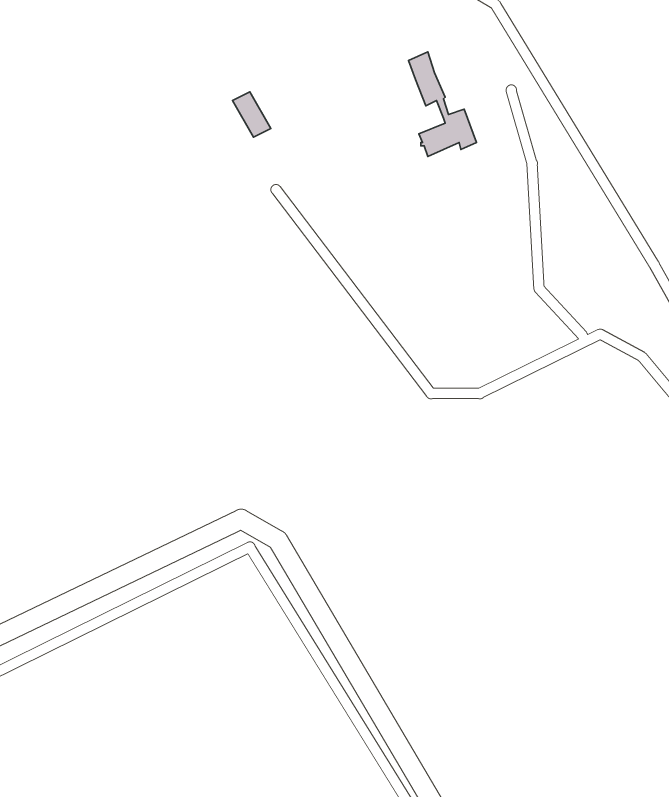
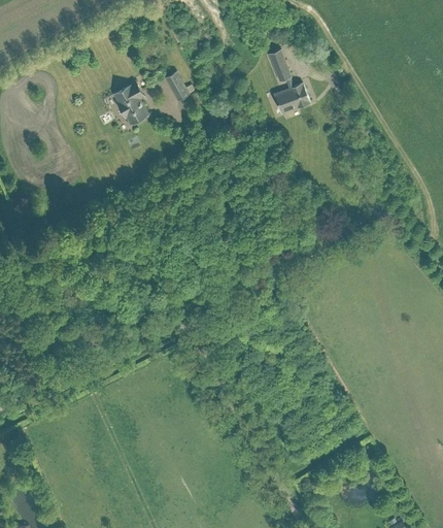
building: none -> [113,82,147,125]

